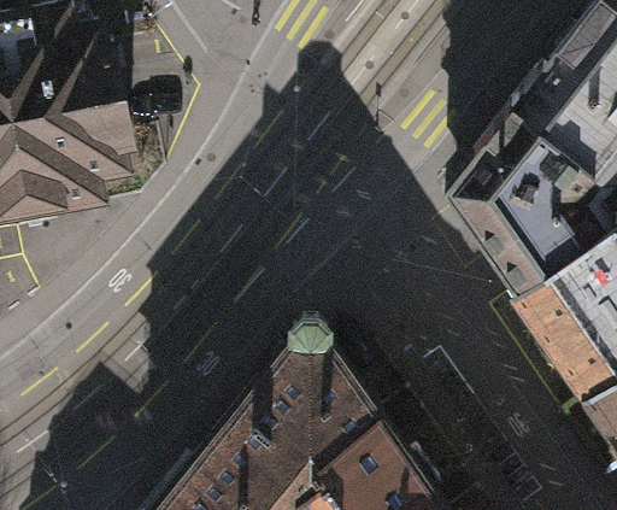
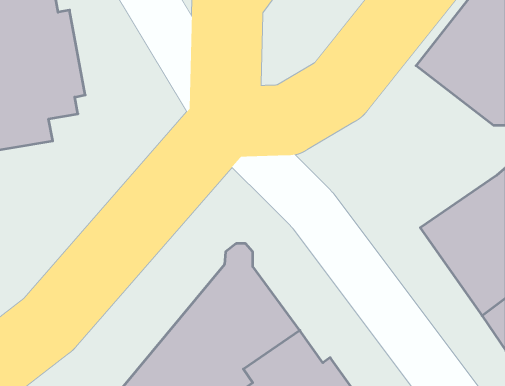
building: [446,113,605,300] -> none

